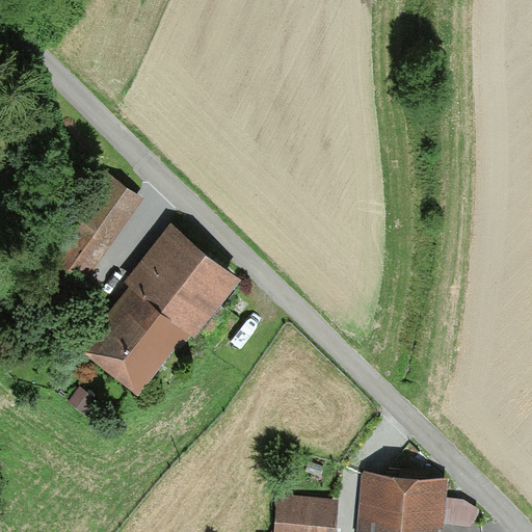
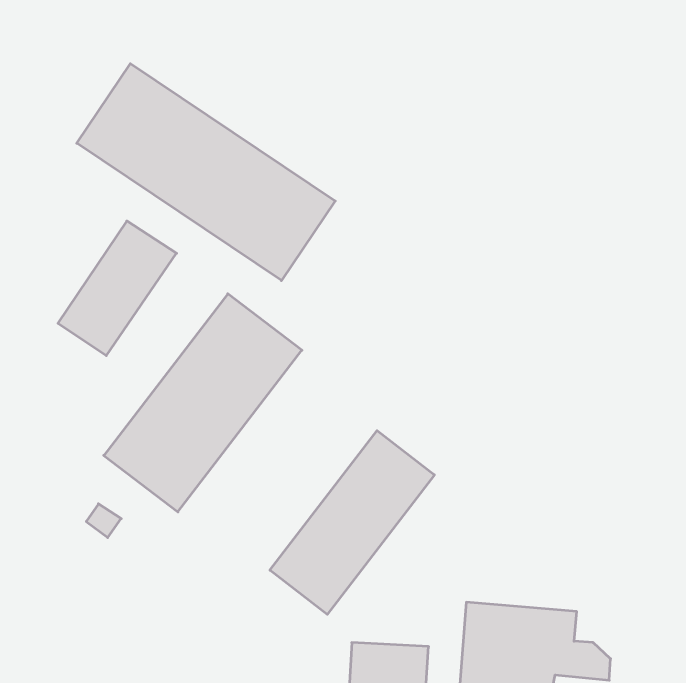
building: none -> [77,64,335,281]
building: none -> [270,431,434,614]

